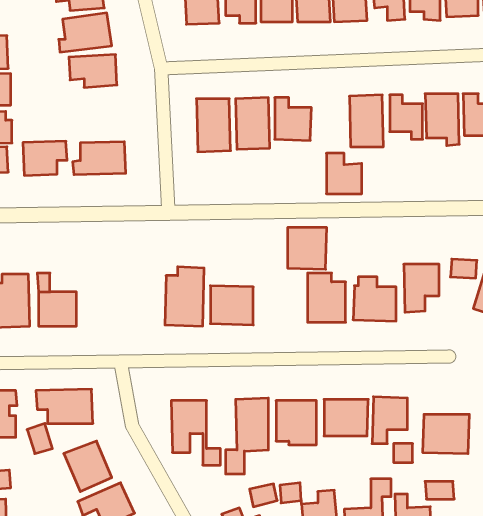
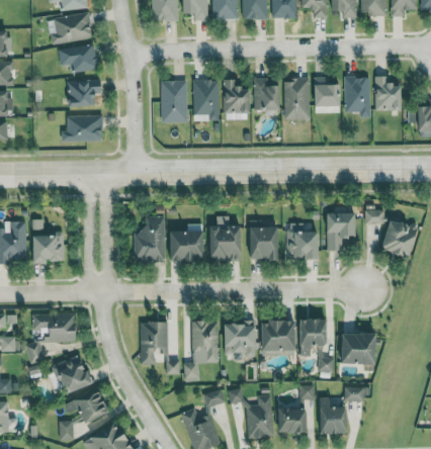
building: [23,141,67,175] -> [67,80,102,107]
building: [326,153,362,194] -> [253,78,281,110]
building: [288,228,327,269] -> [210,228,242,261]

